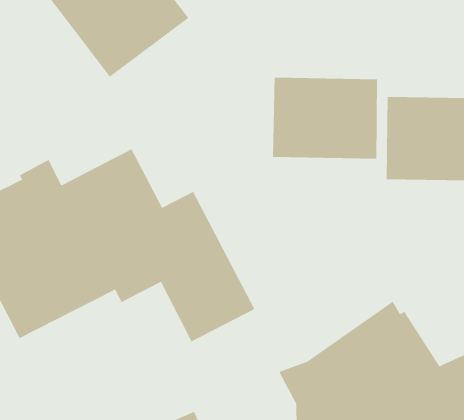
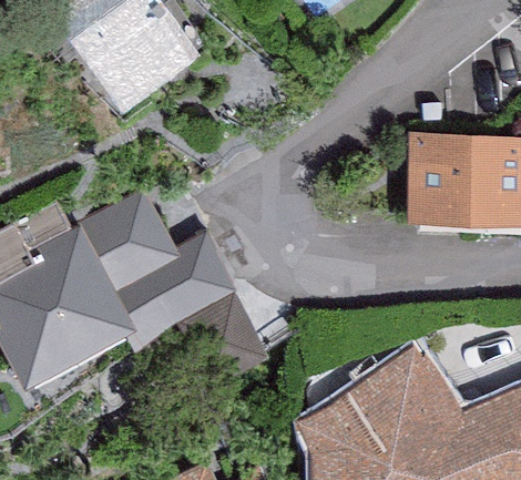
building: [272,77,378,159] -> none

